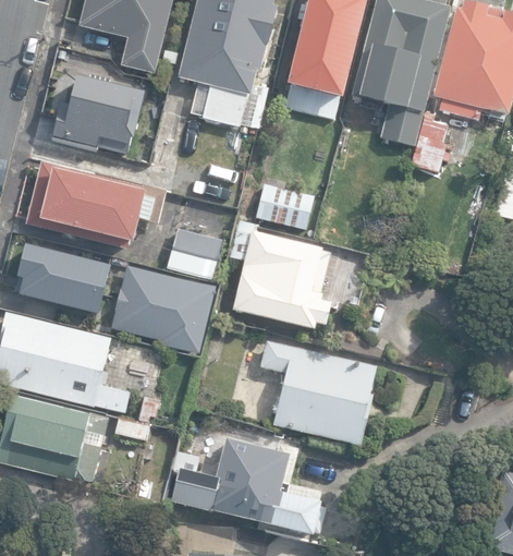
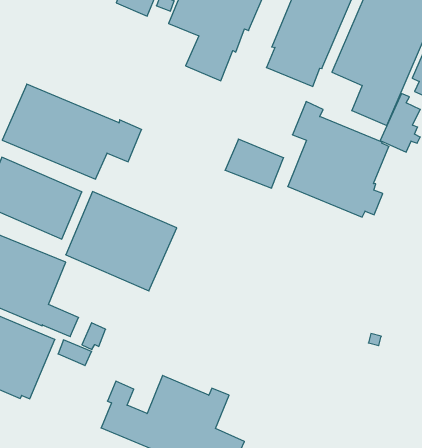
building: [50,74,145,155] -> none
building: [230,219,331,328] -> [288,102,389,217]
building: [167,228,222,279] -> none
building: [261,340,377,445] -> none

